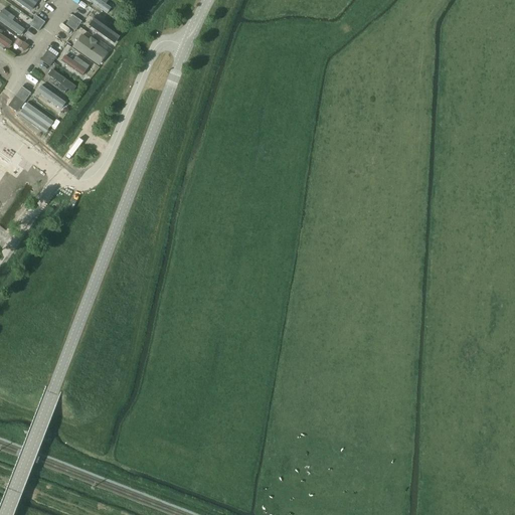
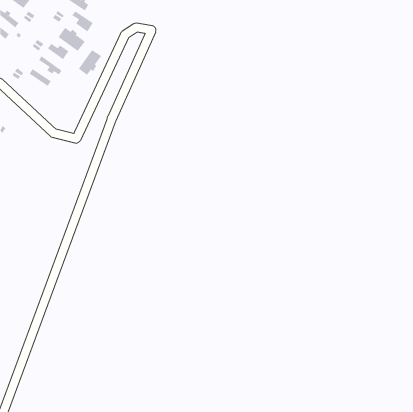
building: none -> [78,49,102,76]
building: [18,103,53,133] -> none

